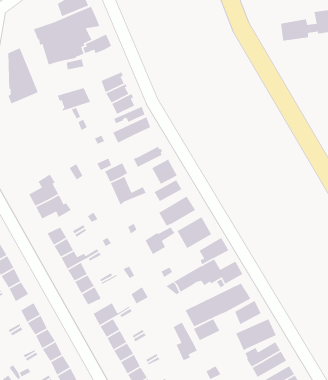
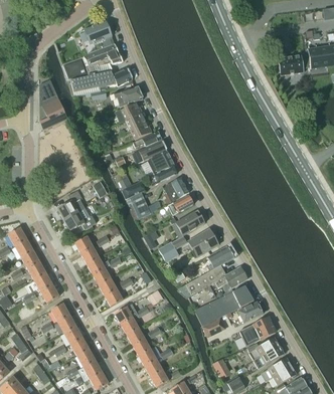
building: [57,87,91,111] -> [112,85,142,107]
building: none -> [140,150,173,176]
building: [172,322,198,361] -> none

